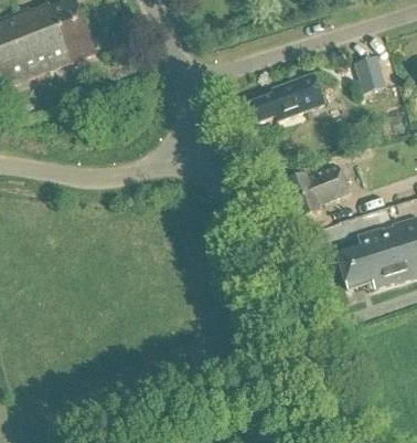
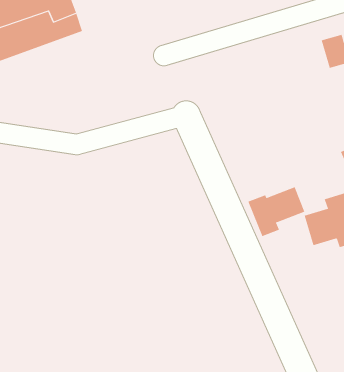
building: [248,74,324,123] -> none
building: [287,165,350,220] -> [248,186,305,237]

